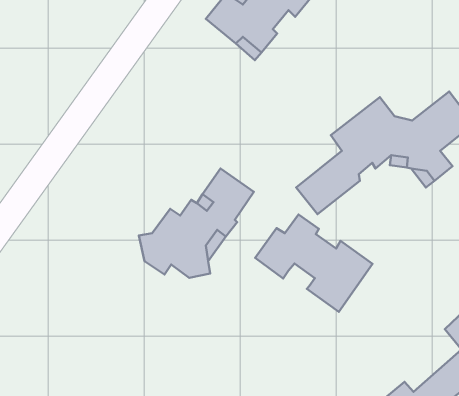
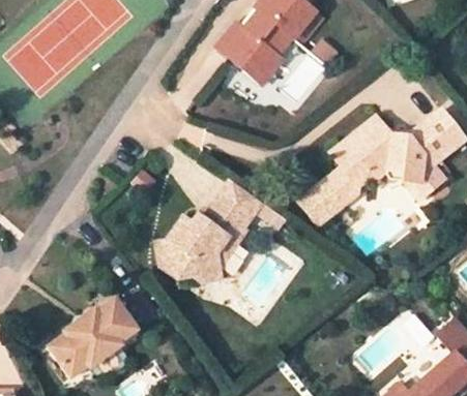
building: [255,214,373,312] -> none
building: none -> [46,301,134,378]

